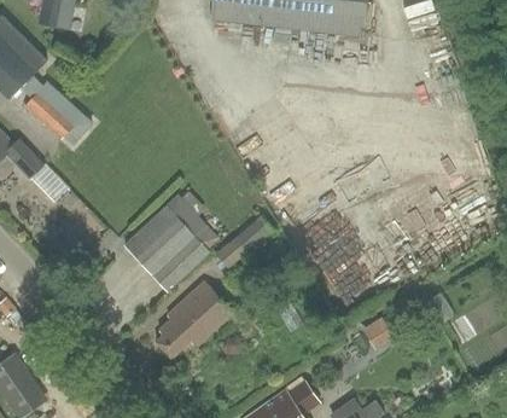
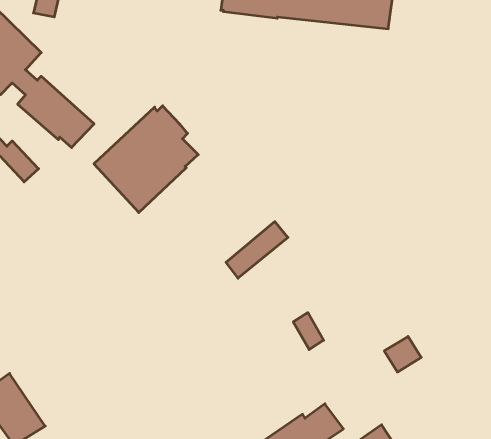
building: [124,192,220,290] -> [94,106,198,213]
building: [157,280,232,356] -> none

